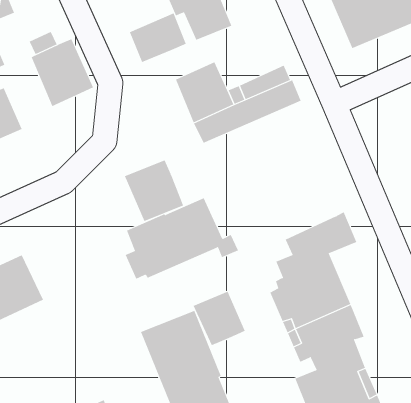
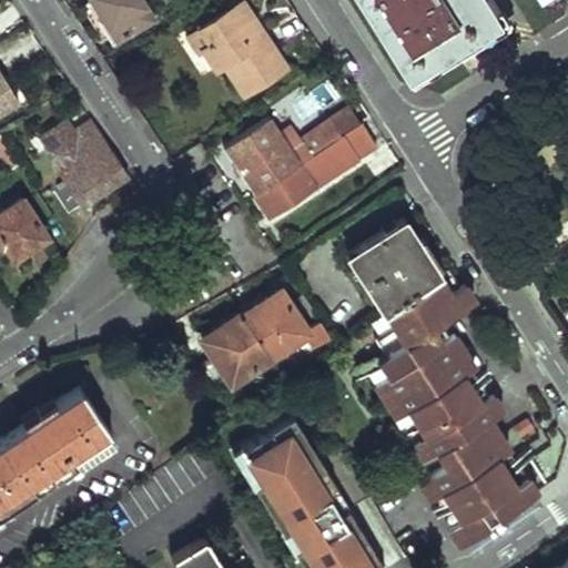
building: [129,12,187,63] -> none
building: [124,159,184,222] -> none
building: none -> [349,221,440,316]
building: [193,291,245,346] -> none

